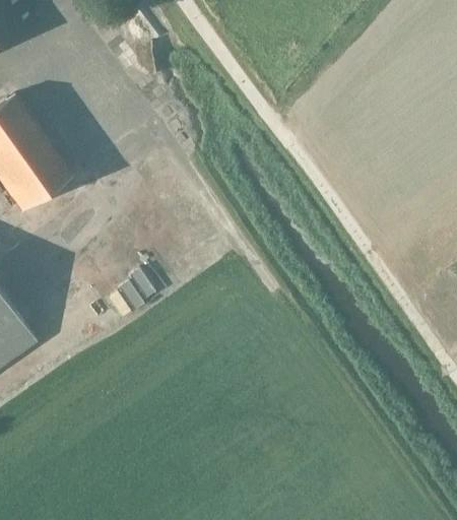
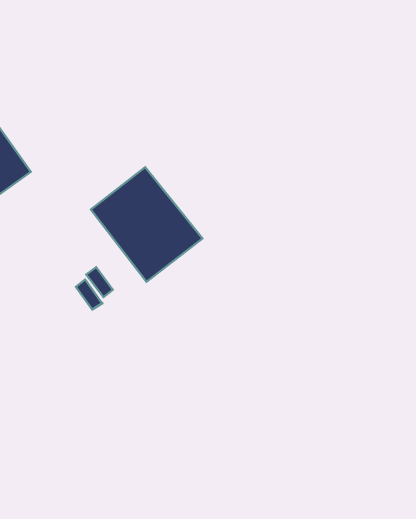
building: none -> [91,167,202,282]

